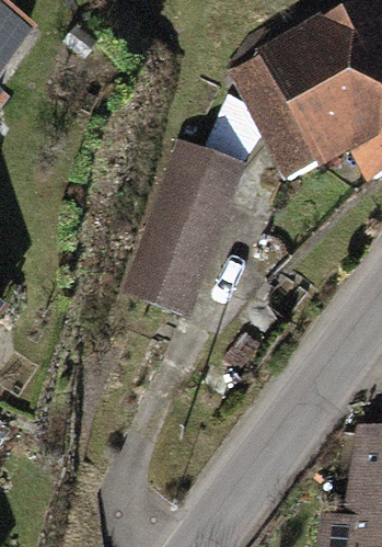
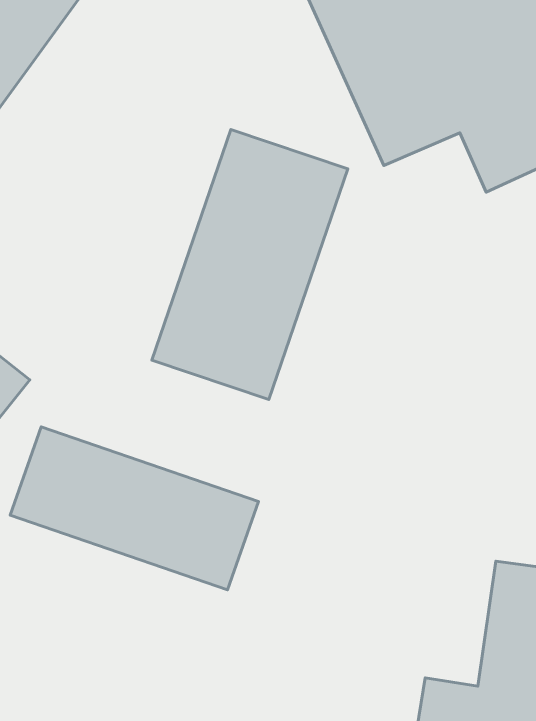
building: none -> [10,427,258,590]

